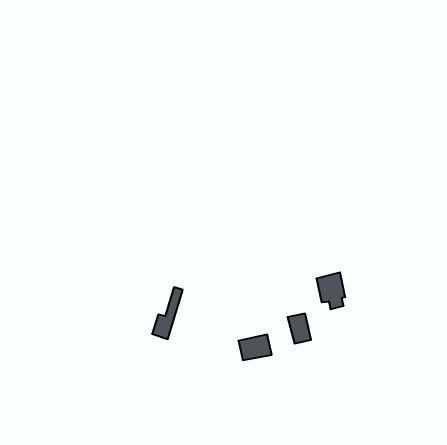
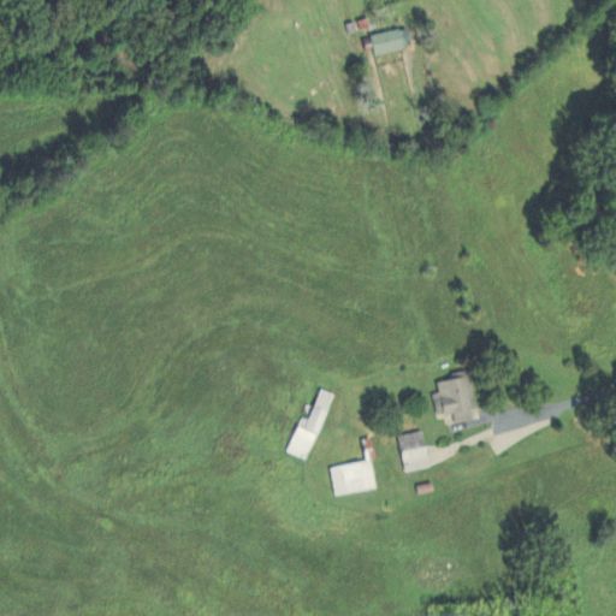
building: none -> [368,26,410,54]
building: [152,287,183,339] -> [286,389,328,460]

